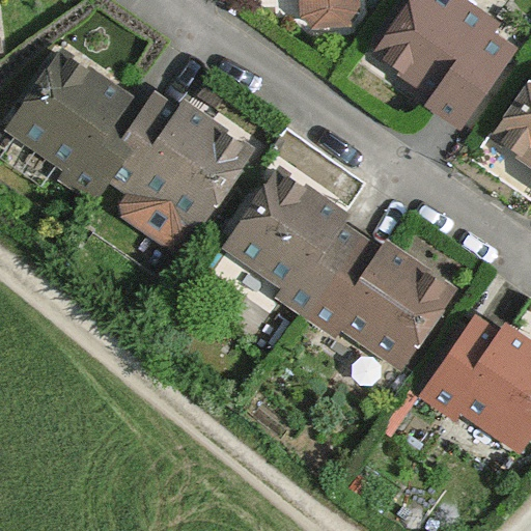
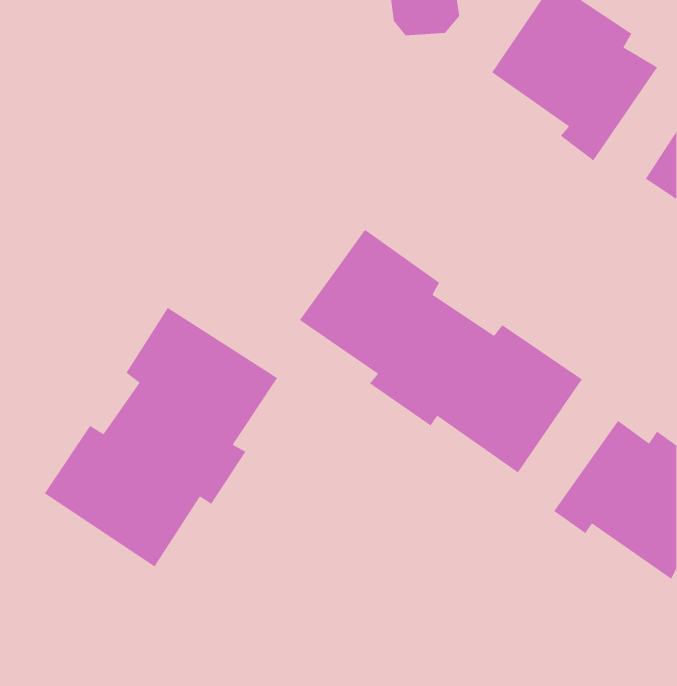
building: [12,59,245,244] -> none
building: none -> [44,307,278,567]

